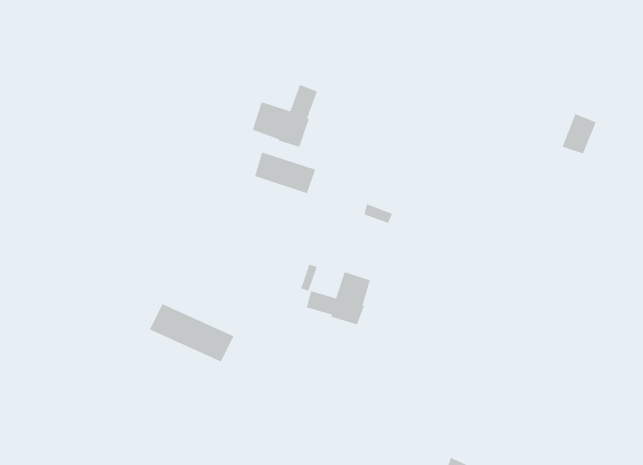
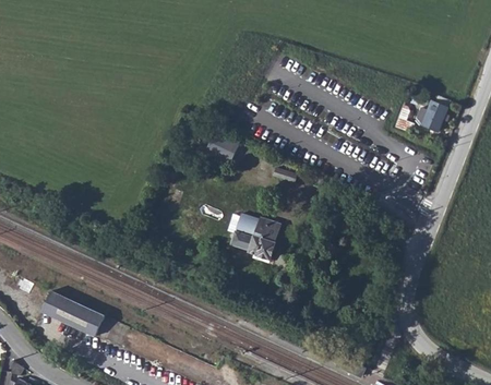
building: [252,84,318,148] -> none
building: [149,303,234,362] -> [40,291,104,335]

